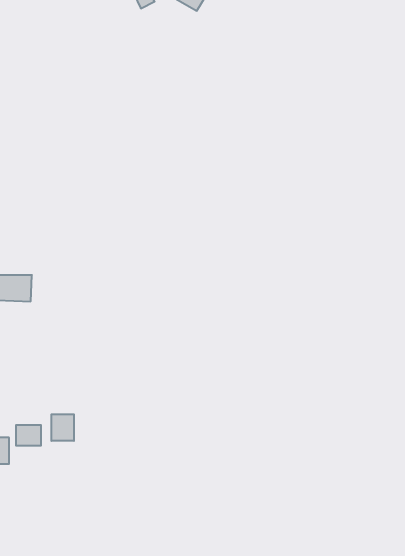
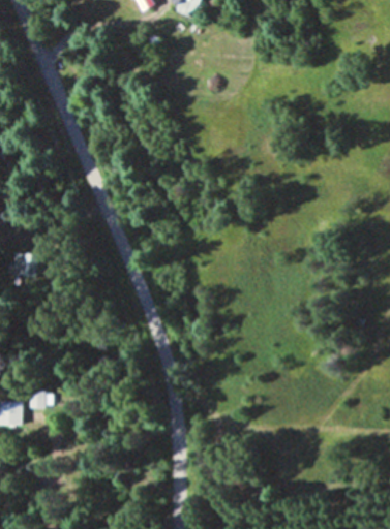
building: [51,414,74,441] -> none

